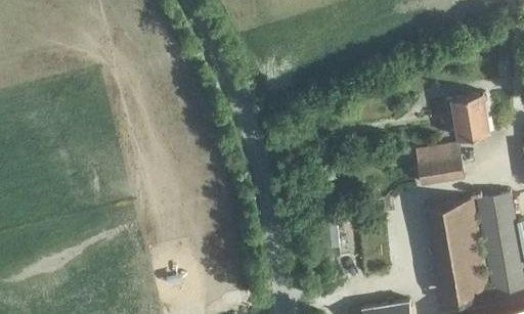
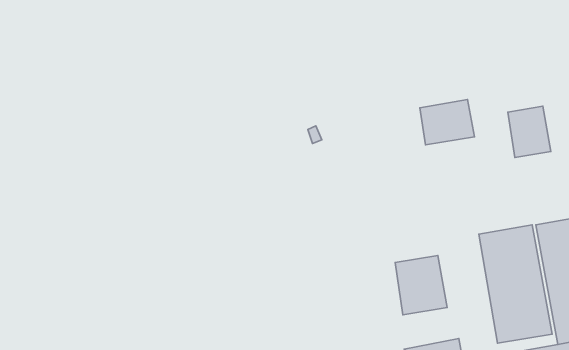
building: [417,146,465,186] -> [420,100,474,145]
building: none -> [395,256,447,315]

